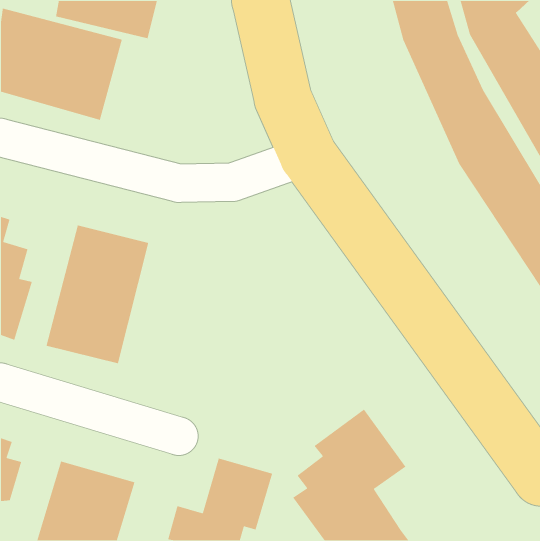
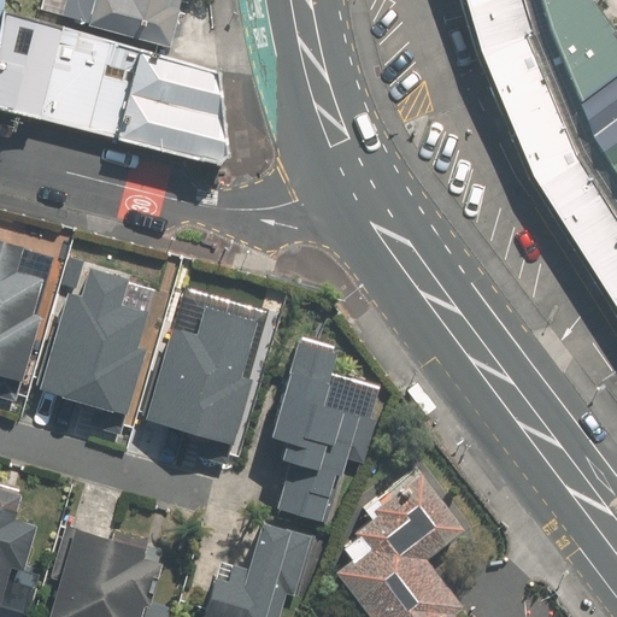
building: none -> [117,45,229,164]
building: none -> [160,288,283,448]
building: none -> [275,342,377,518]

